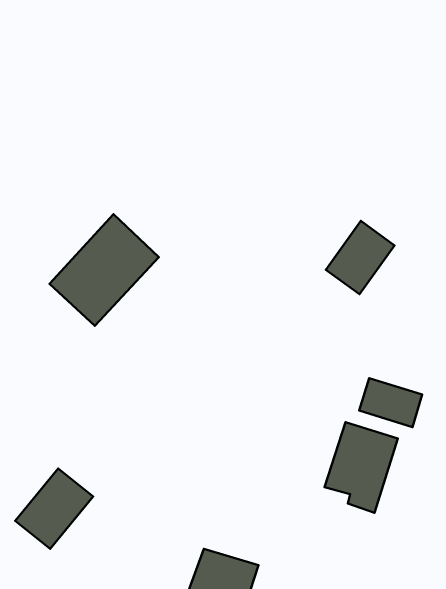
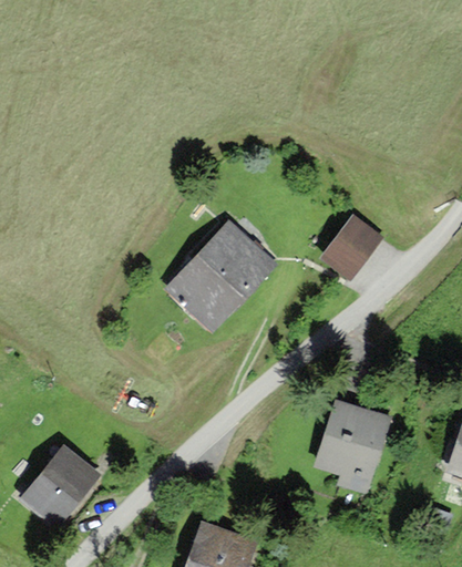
building: [50,214,159,326] -> [168,221,273,328]
building: [359,378,422,427] -> none

